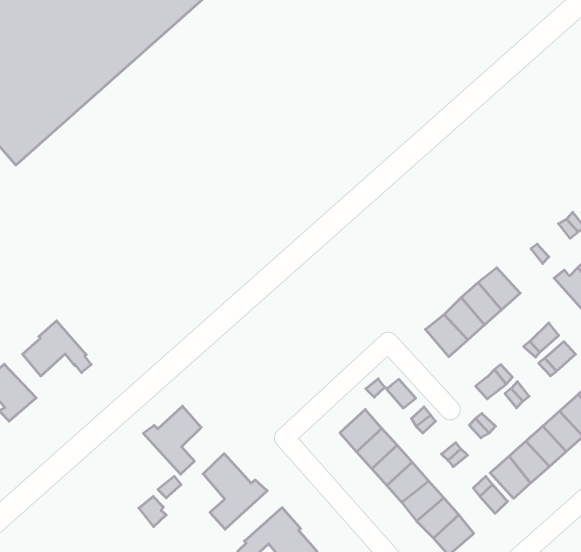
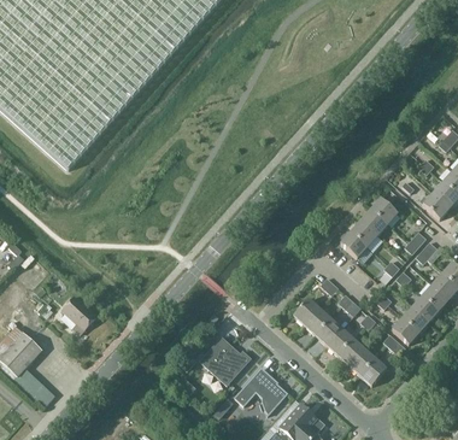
building: [23,321,91,376] -> none
building: [143,406,201,474] -> none

